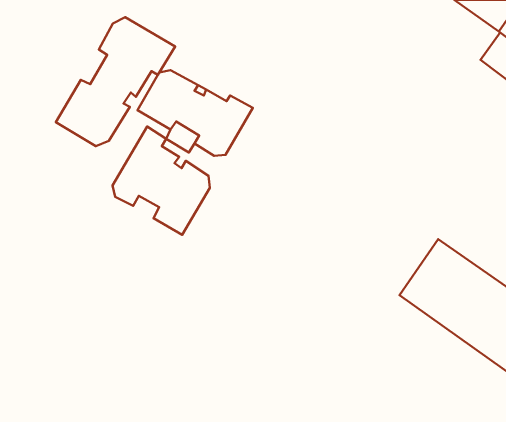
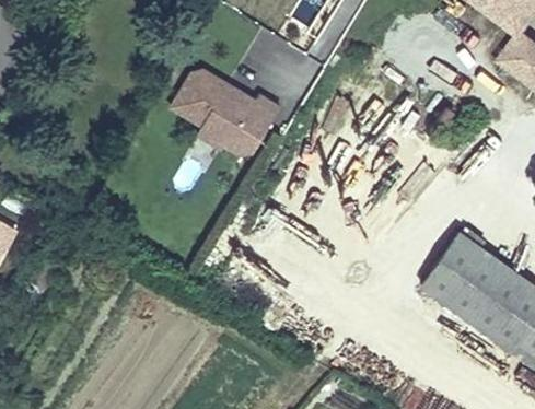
building: [56,17,175,146] -> none
building: [113,127,210,235] -> none

